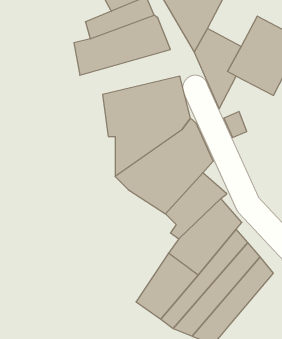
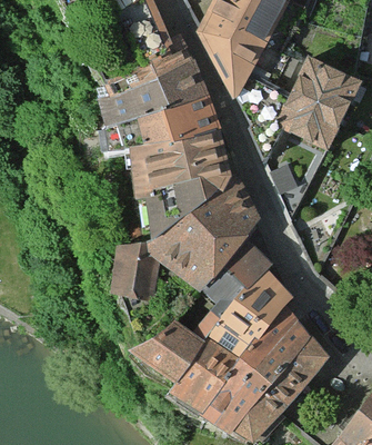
building: none -> [102,96,219,154]
building: none -> [118,243,159,295]
building: none -> [129,309,218,379]

